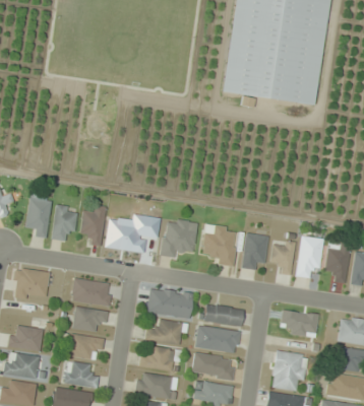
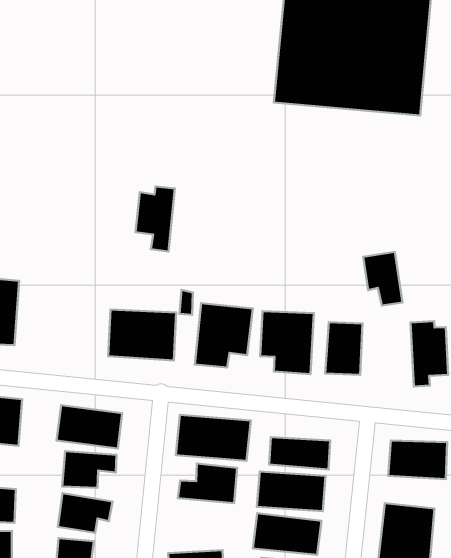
building: [80,205,107,247] -> [136,186,175,251]
building: [54,206,75,241] -> none
building: [271,241,295,274] -> [363,252,402,305]
building: [139,346,181,373] -> none

